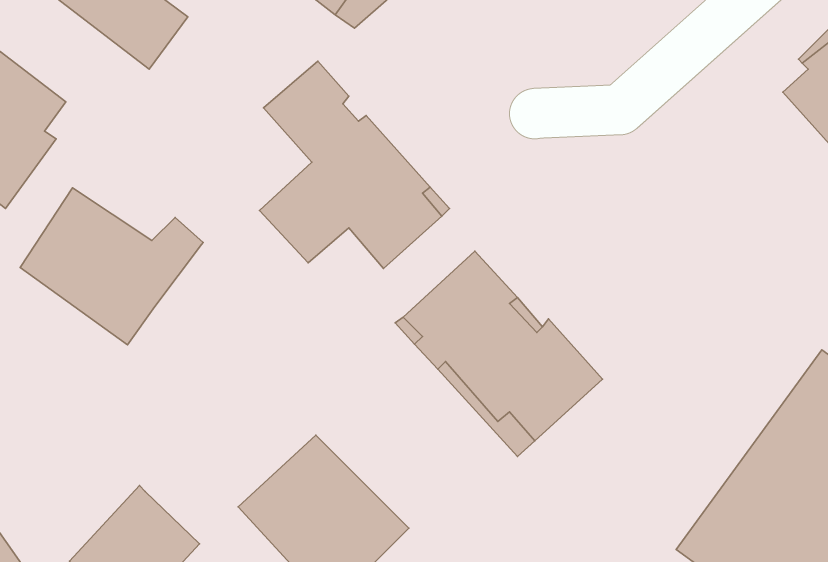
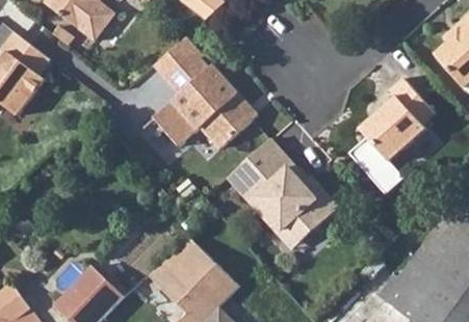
building: none -> [351,77,436,193]
building: [20,188,203,345] -> none

